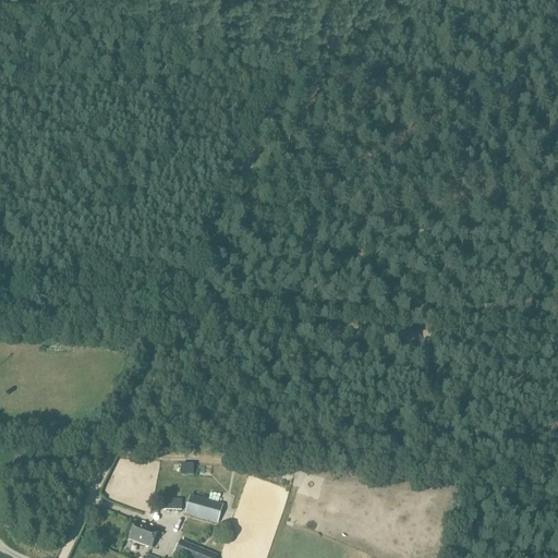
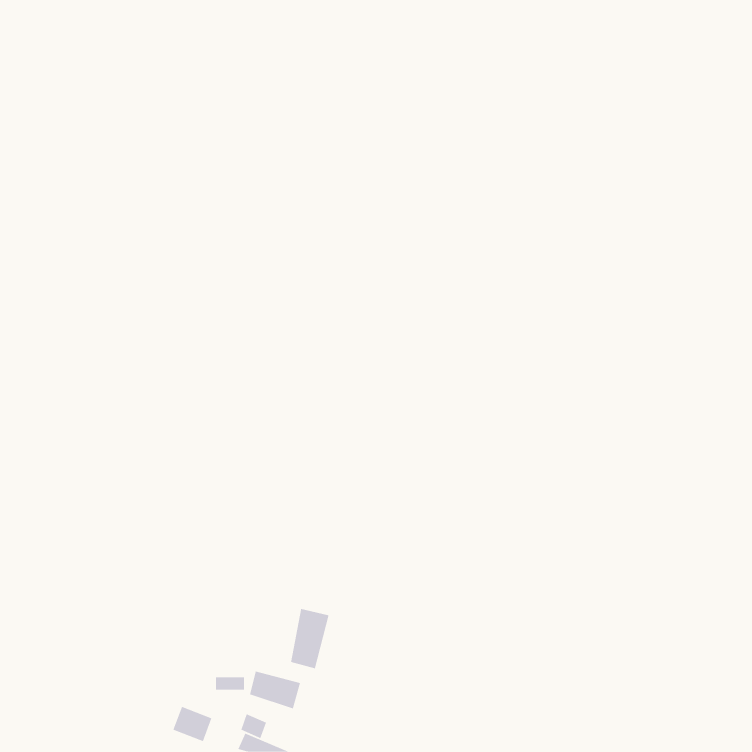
building: none -> [290,608,329,669]

